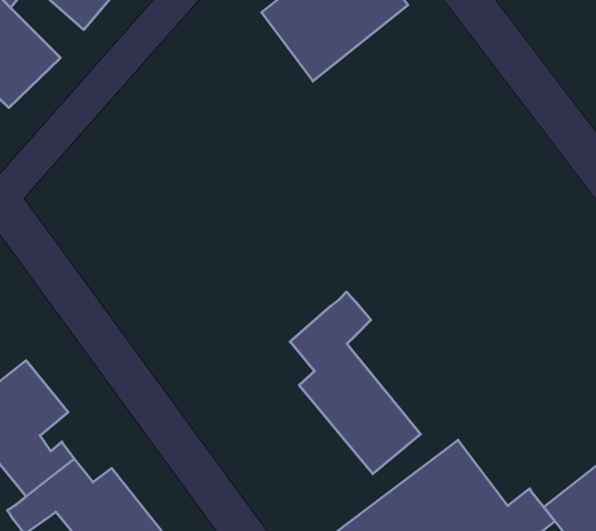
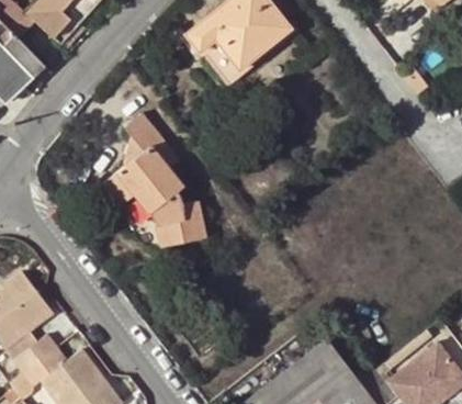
building: none -> [108,115,210,247]
building: [290,292,421,474] -> none

